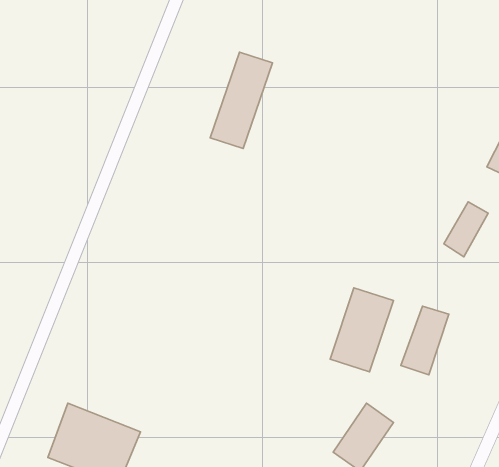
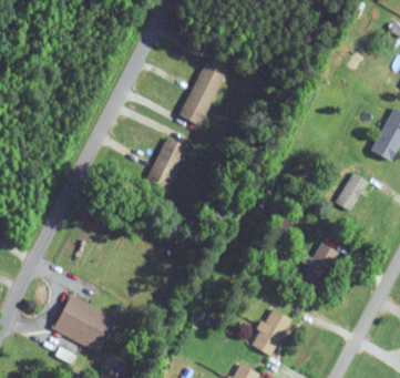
building: none -> [145,137,188,192]
building: [330,288,393,372] -> none

